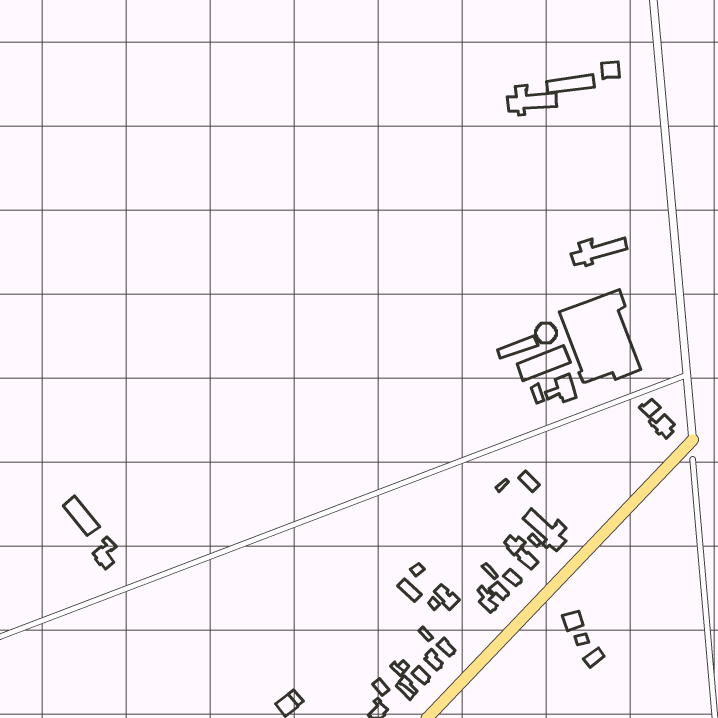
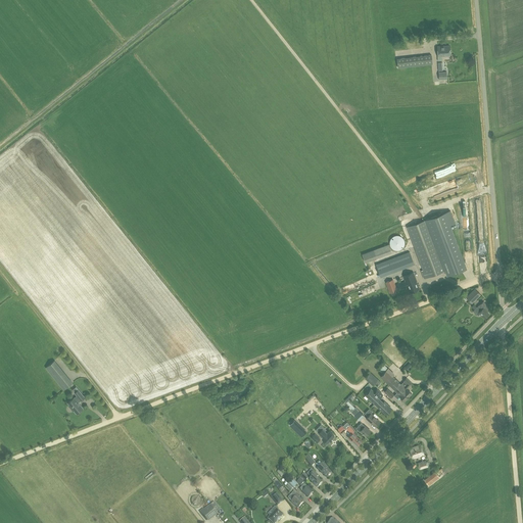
building: [507,85,557,115] -> none
building: [571,238,627,266] -> none

